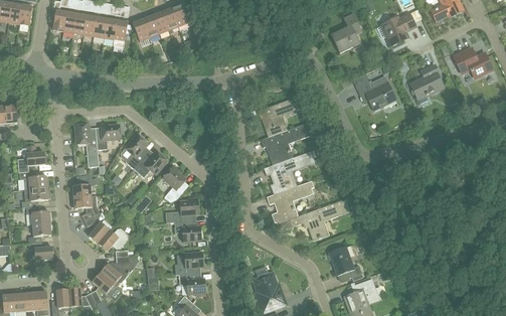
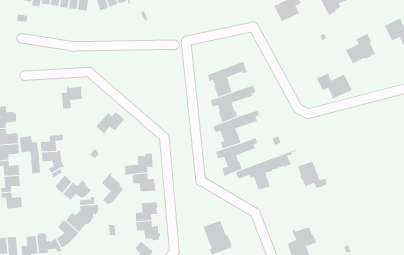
building: [355,81,395,110] -> [316,73,353,99]
building: [73,124,98,166] -> [19,136,41,174]
building: [120,134,147,168] -> none
building: [162,165,187,201] -> [101,172,124,205]
building: [328,246,361,277] -> [298,161,328,189]

